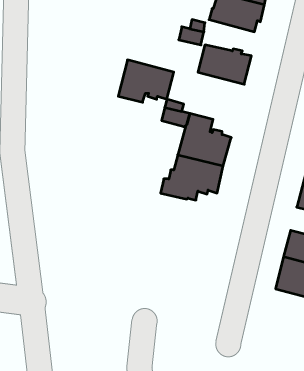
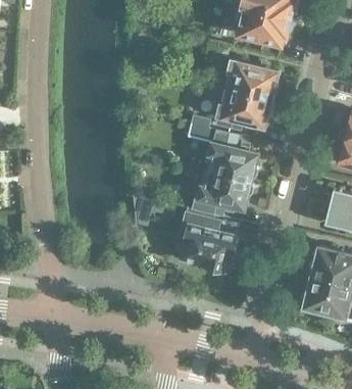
building: [118,60,174,102] -> [216,86,272,129]
building: none -> [180,208,238,270]

